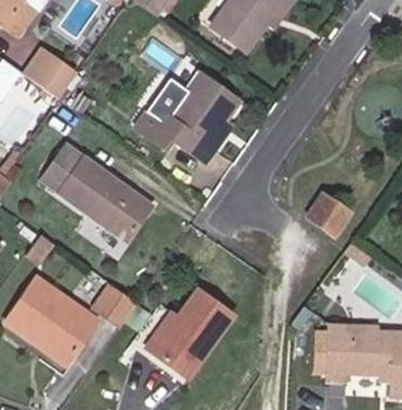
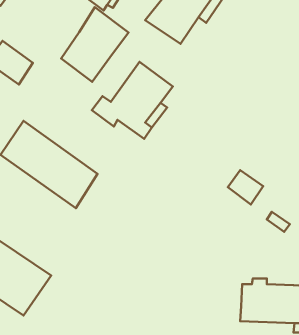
building: none -> [61,7,129,82]
building: [94,284,137,326] -> none
building: [134,292,230,379] -> none

